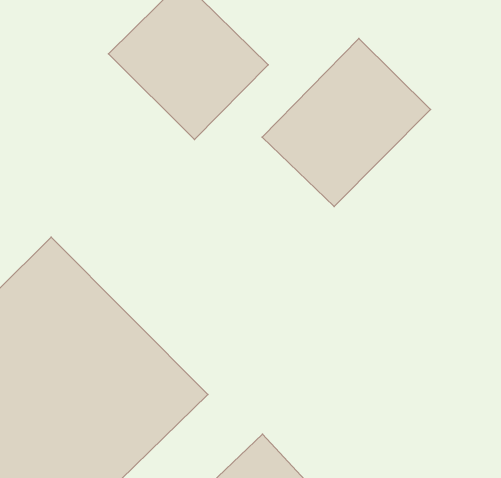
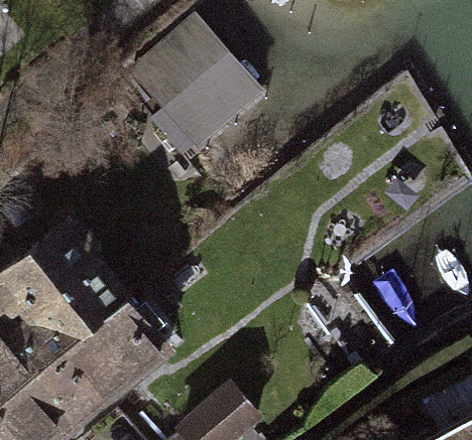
building: [262,39,431,207] -> none

